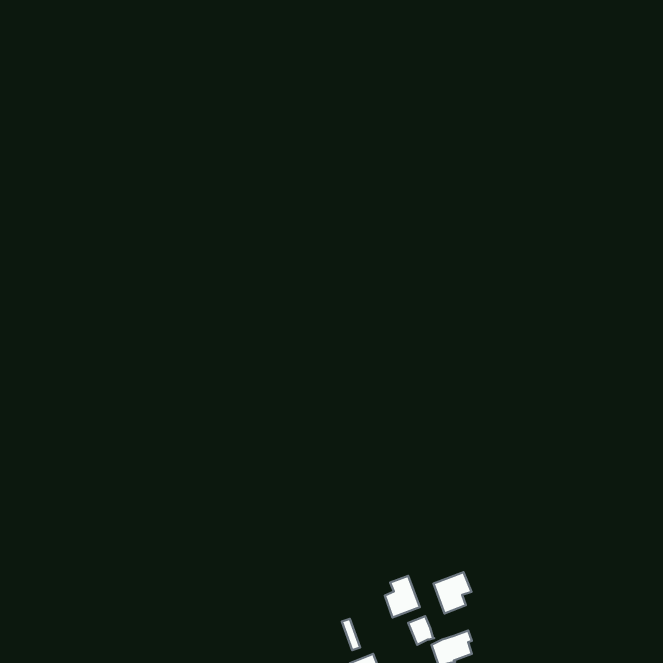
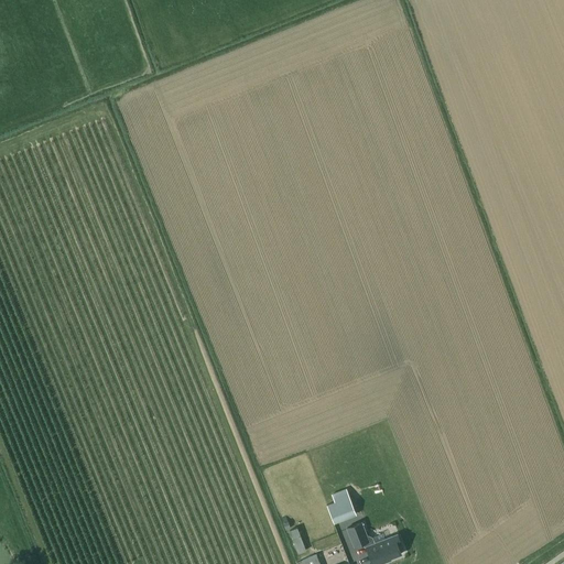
building: [434,572,471,614] -> none

